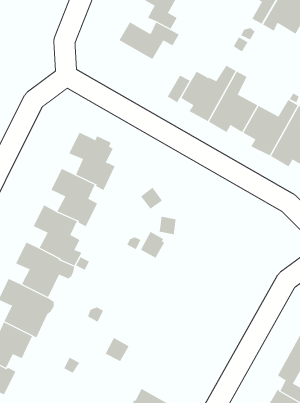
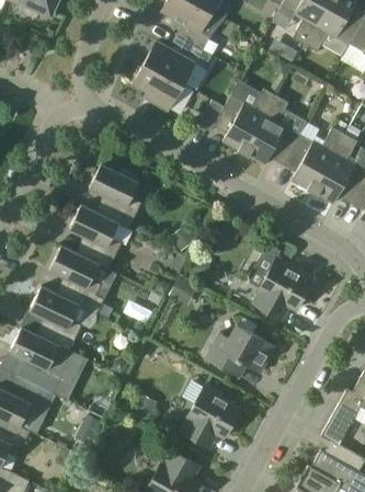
building: none -> [134,61,183,110]
building: none -> [248,254,312,319]
building: none -> [206,324,275,377]
building: none -> [181,385,240,447]

